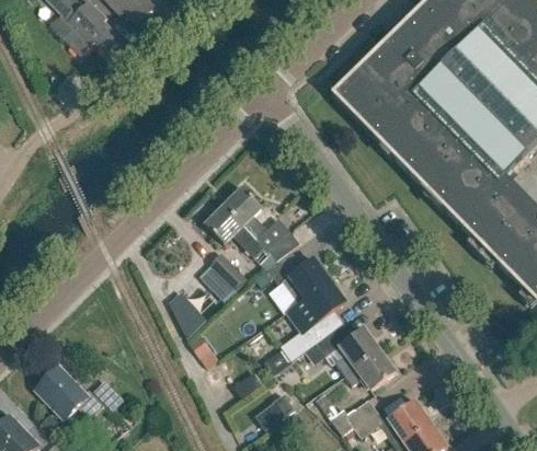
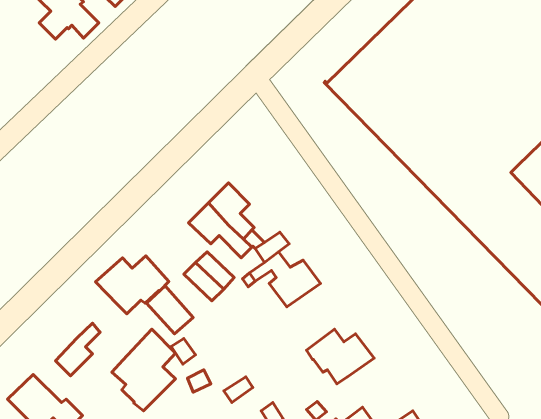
building: none -> [96,256,169,314]
building: [277,280,343,361] -> none
building: none -> [56,323,100,376]
building: none -> [112,329,176,411]
building: [343,350,393,390] -> none

